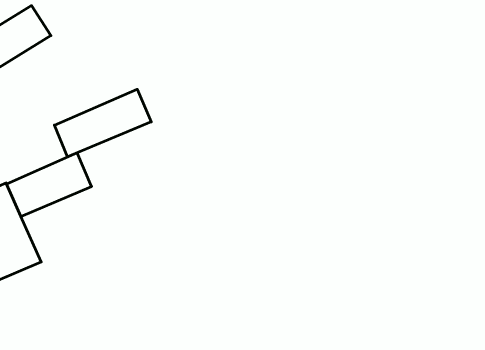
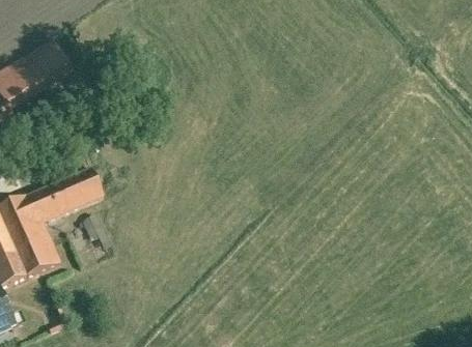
building: [54,89,151,157] -> none

